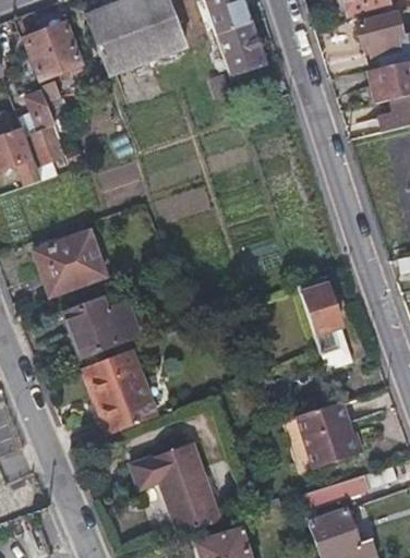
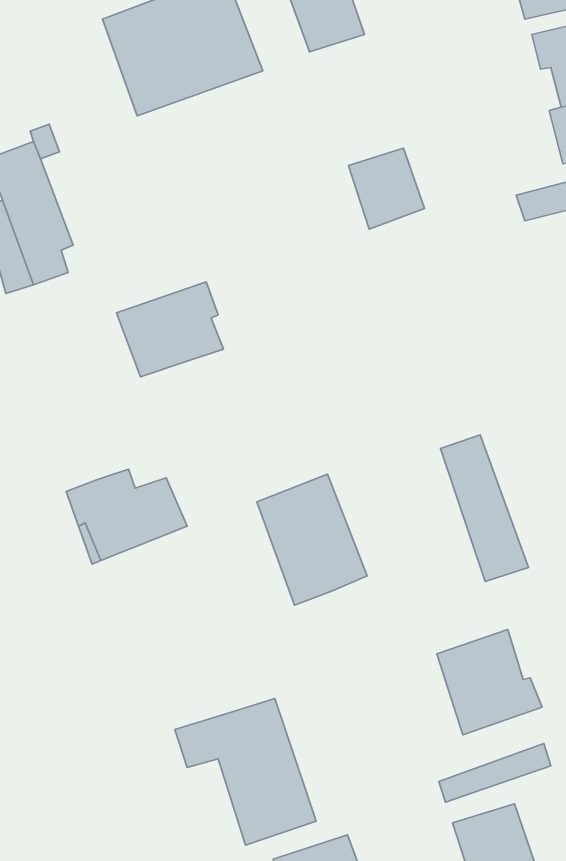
building: [27,23,84,77] -> none
building: [216,23,264,74] -> [348,148,424,229]
building: [34,232,101,292] -> [116,282,223,377]
building: [85,351,155,434] -> [257,474,367,605]

